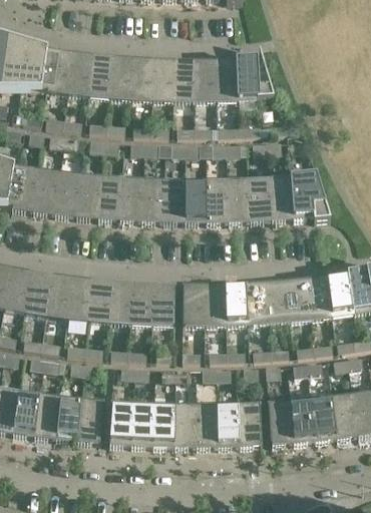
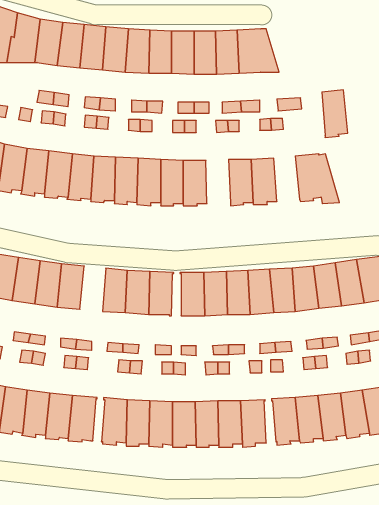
building: [269,176,293,220] -> [322,90,348,137]
building: [206,179,229,222] -> none
building: [88,279,112,321] -> none

